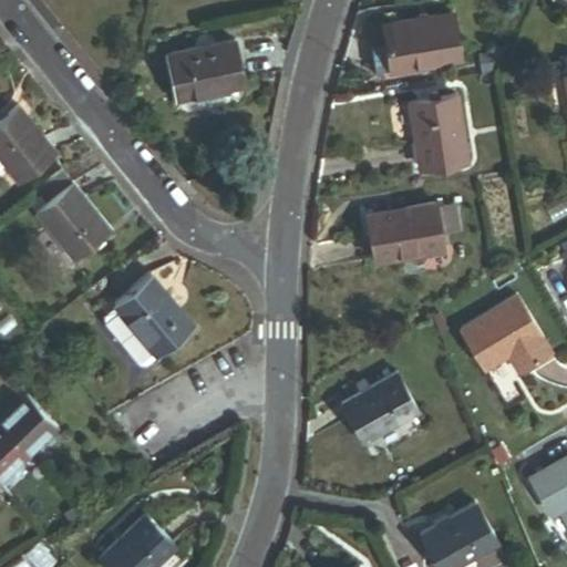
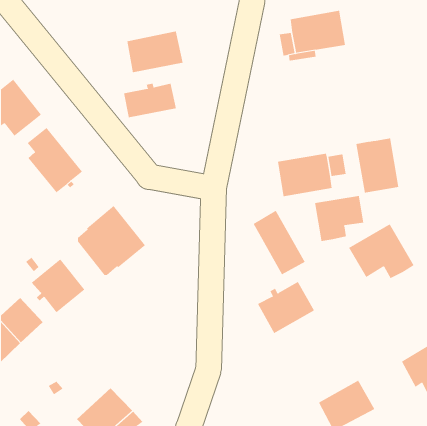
building: [410,99,467,172] -> [356,138,399,193]
building: none -> [124,83,176,118]
building: none -> [315,195,364,242]
building: none -> [253,210,306,275]
building: none -> [31,259,85,313]

